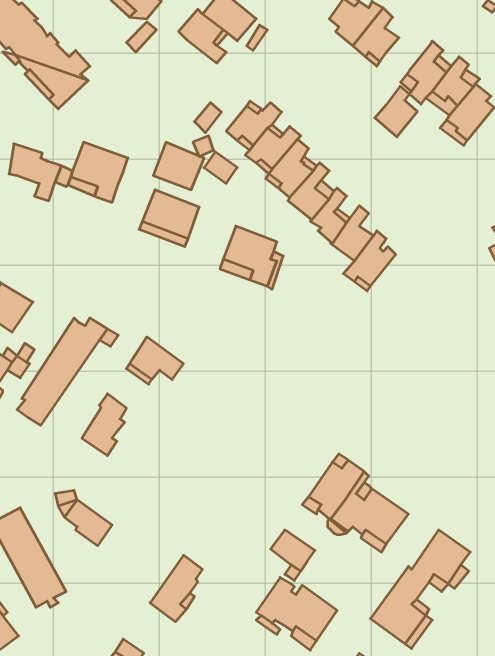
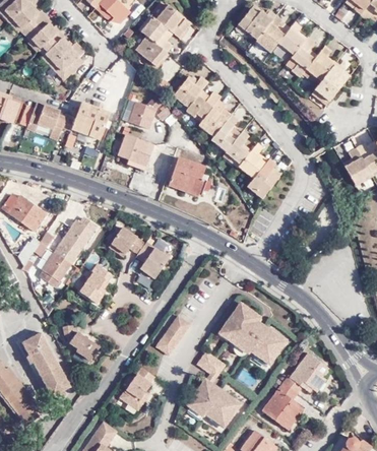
building: none -> [135,35,167,64]
building: [375,86,417,137] -> [275,21,303,54]
building: none -> [136,241,169,275]
building: none -> [159,314,193,353]

